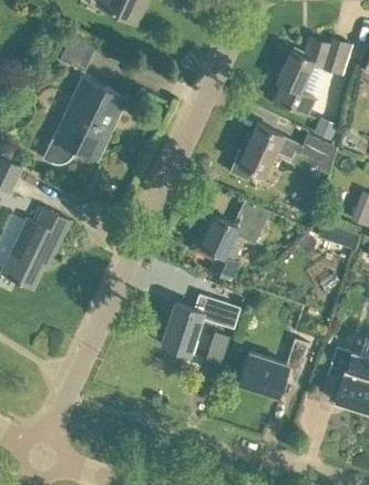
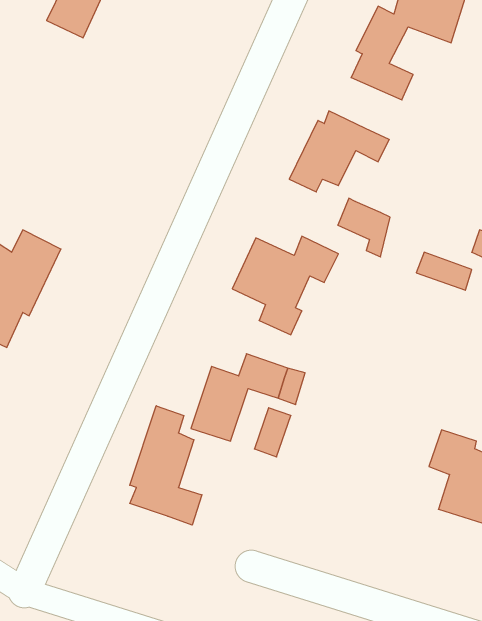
building: [42,78,127,162] -> none
building: [299,133,336,174] -> [338,198,390,257]
building: none -> [130,406,202,525]
building: [238,339,309,395] -> none

